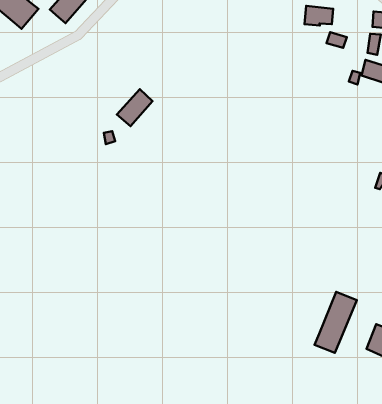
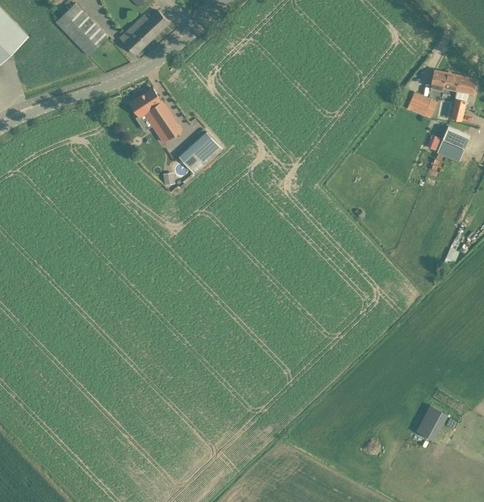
building: [304,6,333,25] -> [428,70,460,92]
building: none -> [129,88,179,142]
building: [314,292,357,353] -> none

